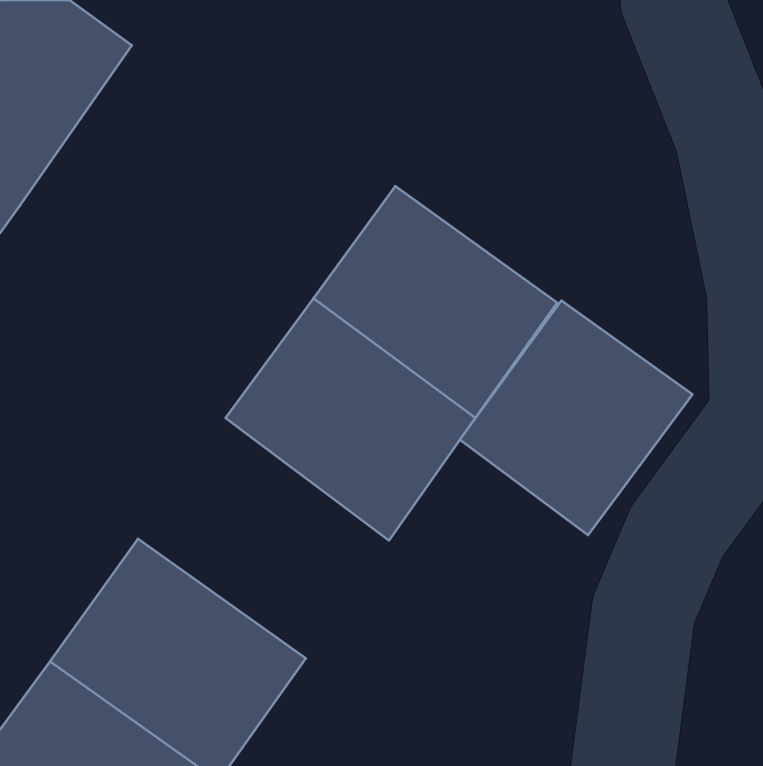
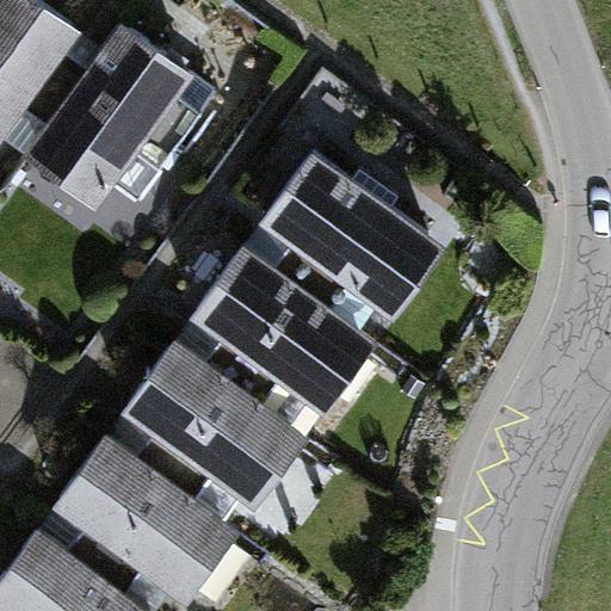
building: none -> [16,19,228,243]
building: [460,301,692,535] -> none
building: none -> [109,335,307,525]

